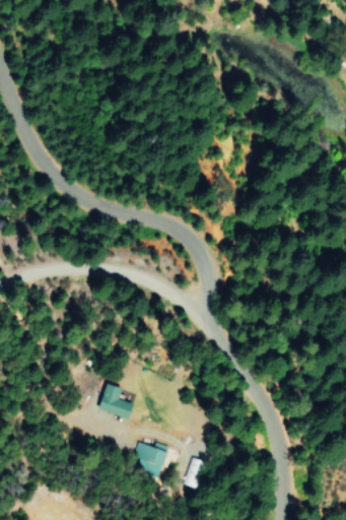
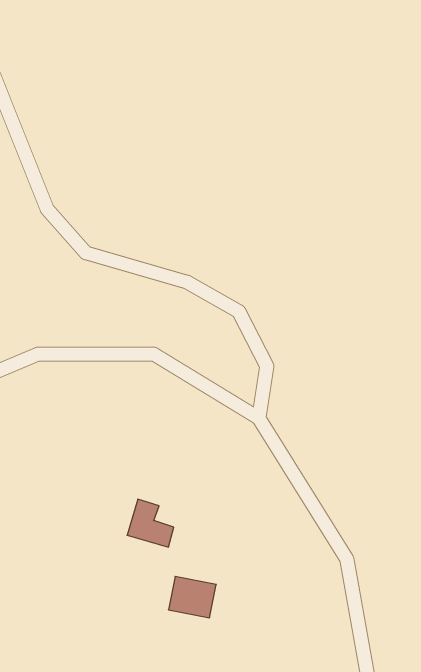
building: [186,457,210,490] -> none

